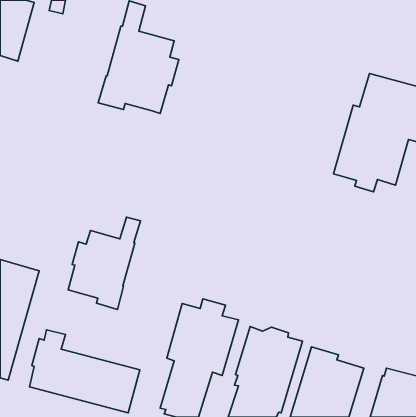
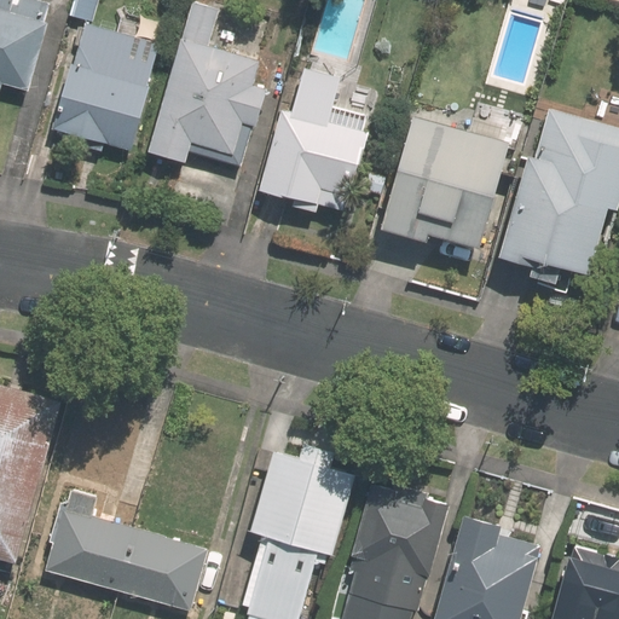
building: none -> [52,22,161,151]
building: none -> [258,68,368,213]
building: none -> [380,116,509,256]
building: [68,217,140,310] -> none

